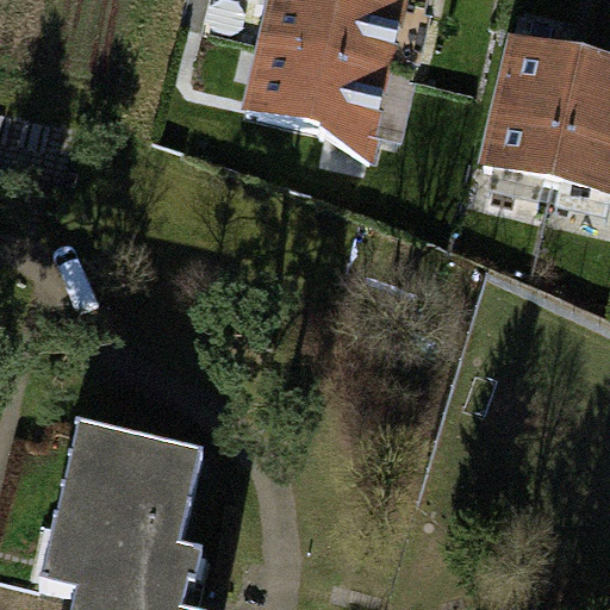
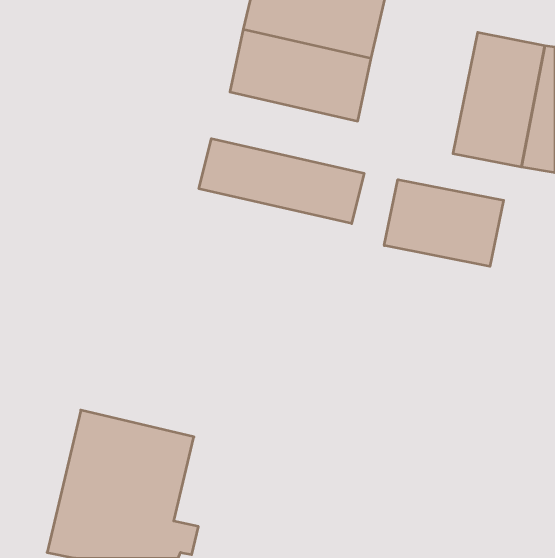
building: none -> [199,139,364,224]
building: none -> [384,180,504,266]

